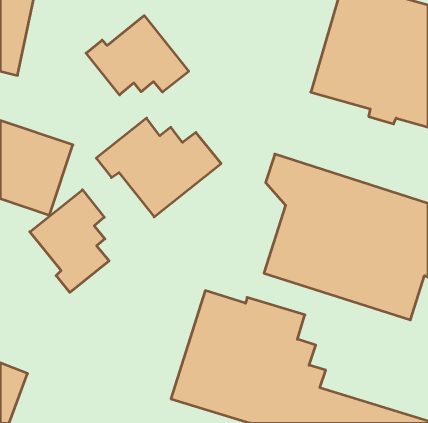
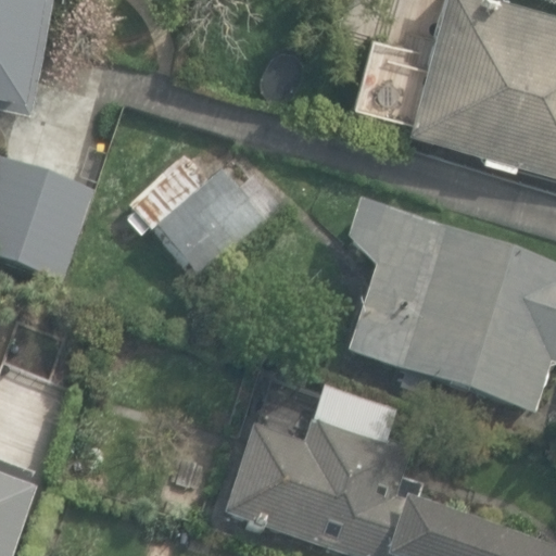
building: [86,16,189,95] -> none
building: [30,190,109,292] -> none

